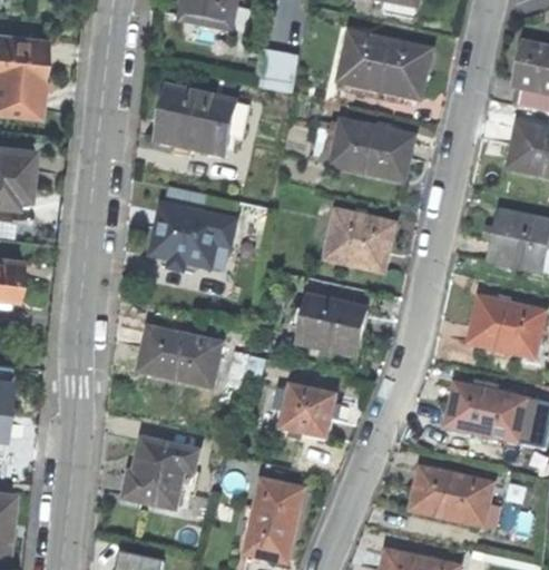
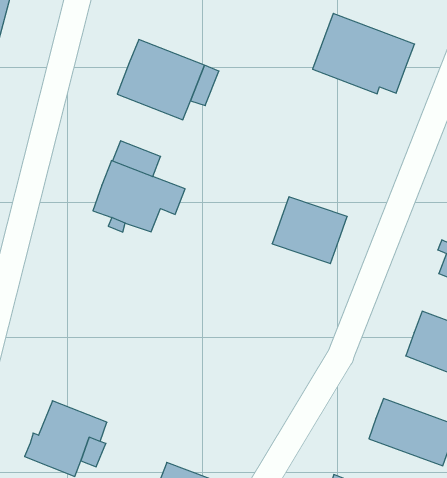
building: [257,47,297,89] -> none
building: [331,121,411,178] -> none
building: [295,298,365,356] -> none
building: [139,328,220,385] -> none
building: [282,387,336,440] -> none

